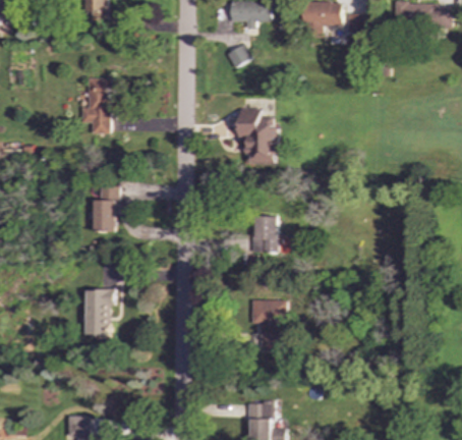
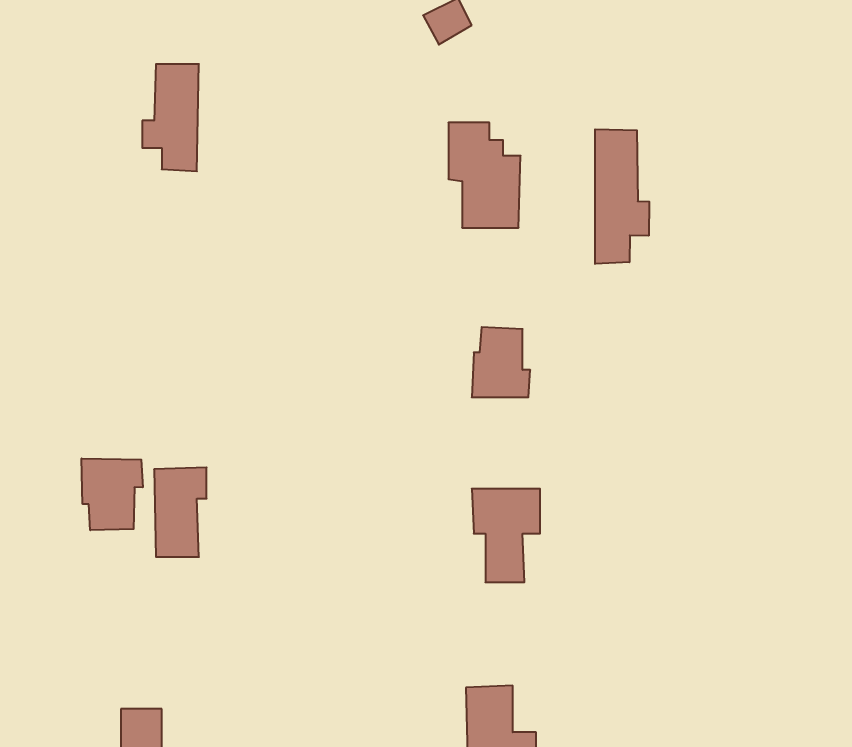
building: none -> [595,129,649,264]
building: [93,183,116,231] -> none
building: none -> [82,458,143,530]

